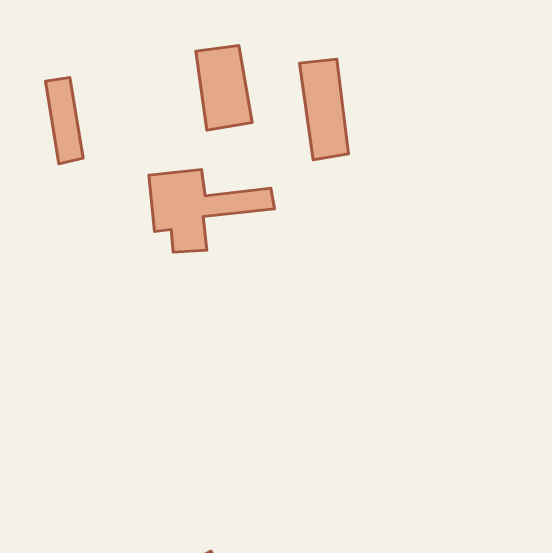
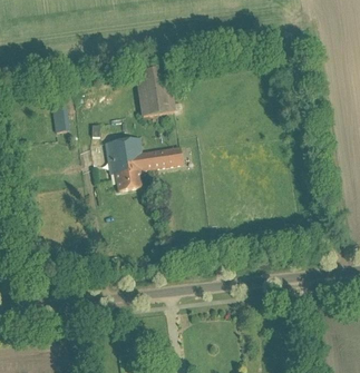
building: [299,59,349,160] -> none

